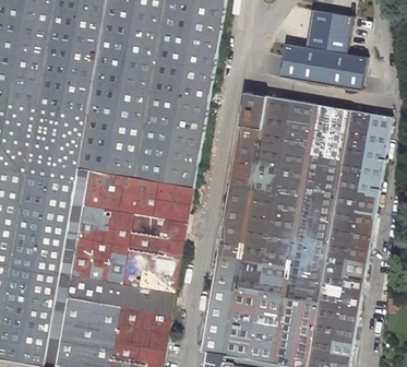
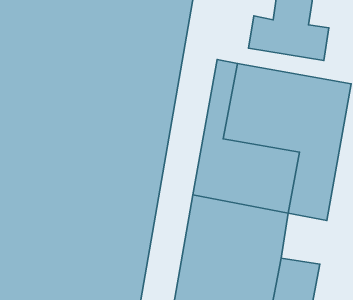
building: [315,256,364,310] -> none

